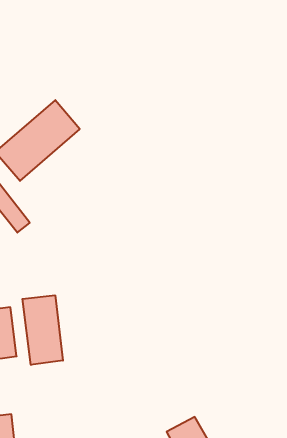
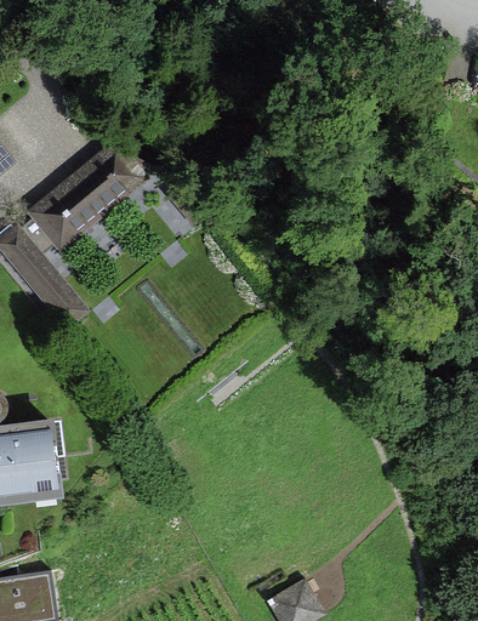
building: [22,295,63,365] -> none

